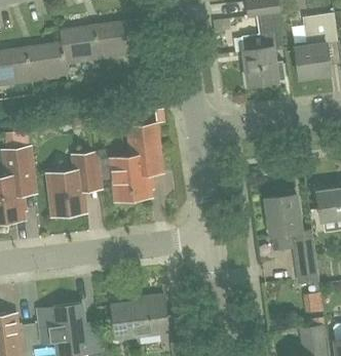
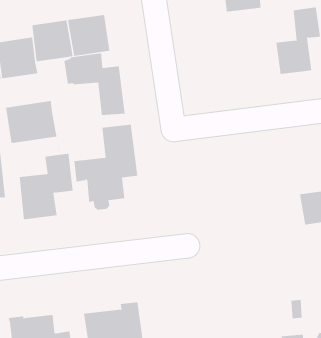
building: [241,31,285,84] -> none
building: none -> [64,52,125,116]
building: none -> [6,100,59,149]
building: [265,193,317,282] -> none

